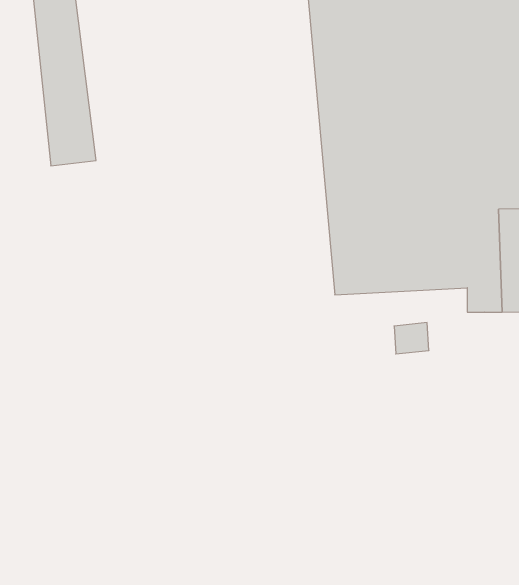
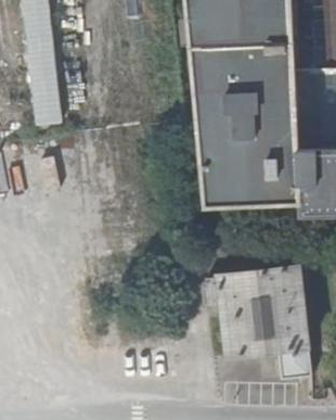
building: none -> [218,265,311,378]

